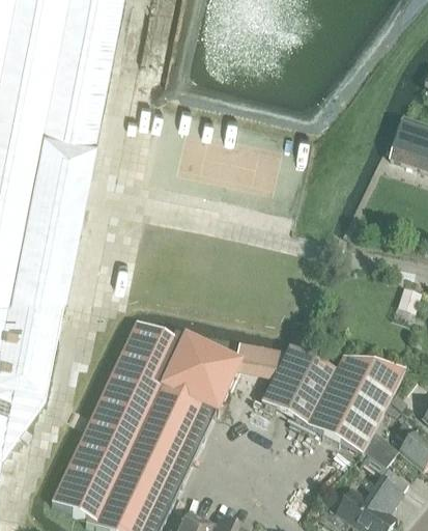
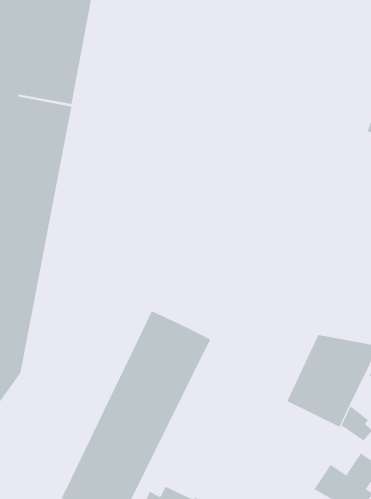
building: [52,325,173,520] -> none
building: [212,342,335,427] -> none

